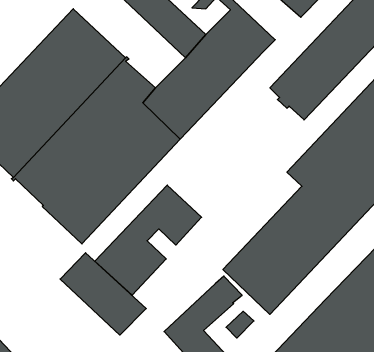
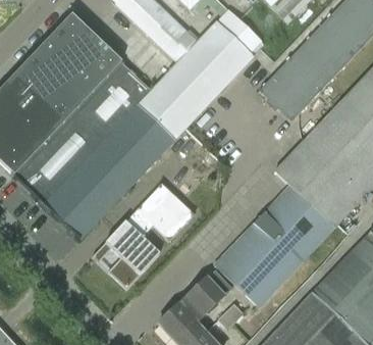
building: [60,253,146,335] -> none

